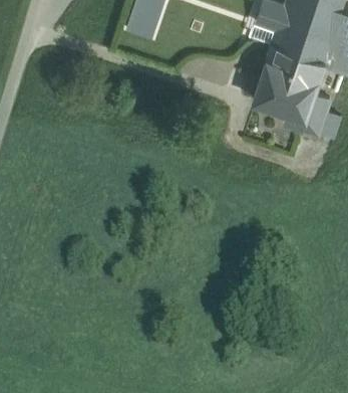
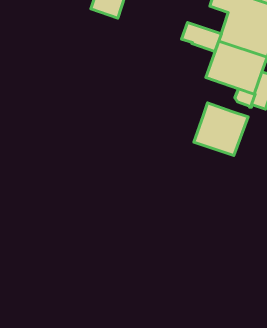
building: none -> [182,23,221,52]
building: none -> [194,103,248,156]

